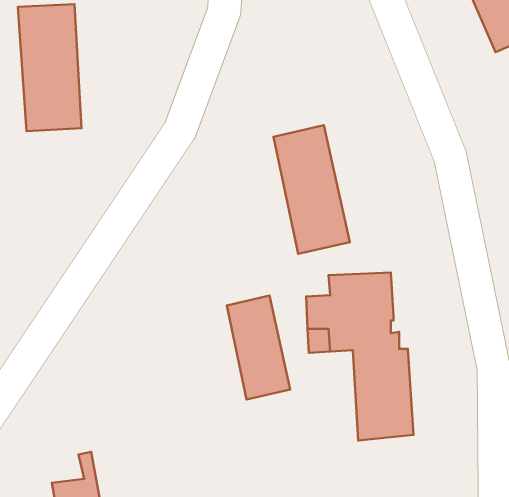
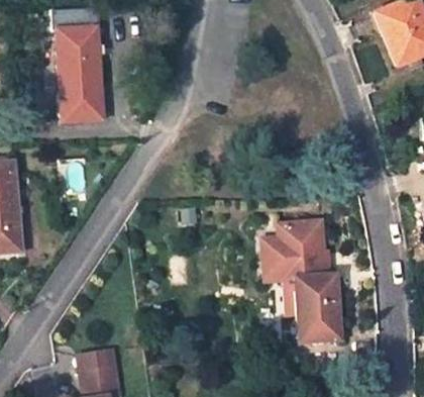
building: [274,125,350,254] -> none
building: [227,296,290,399] -> none

